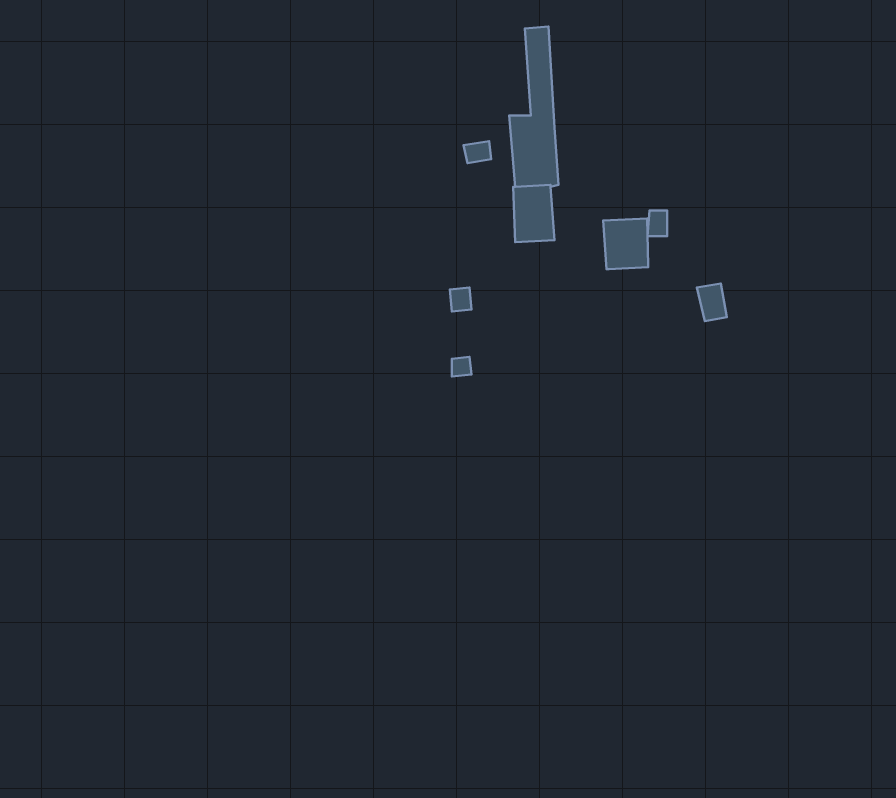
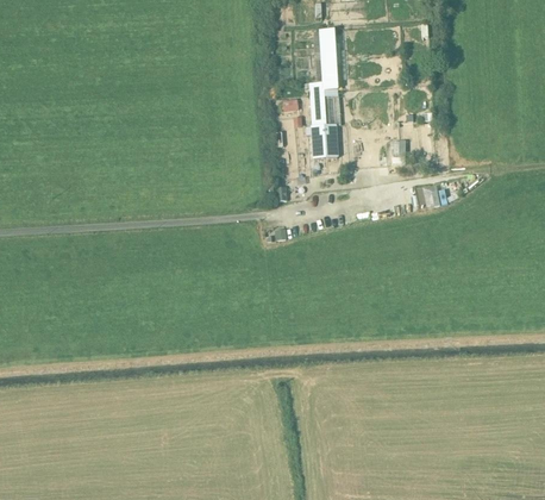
building: [603,218,648,269] -> none

